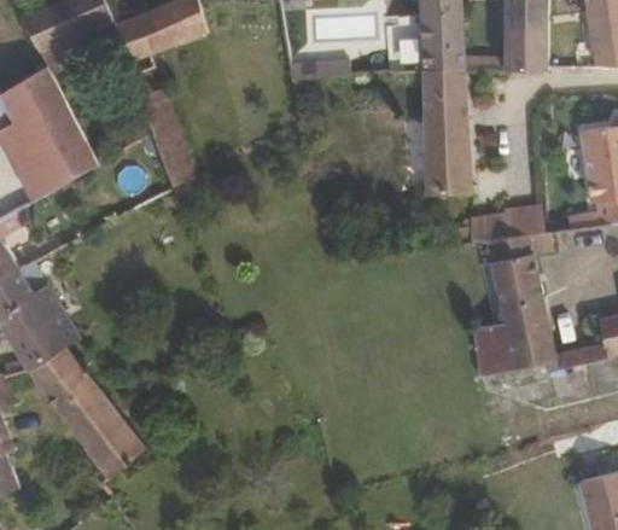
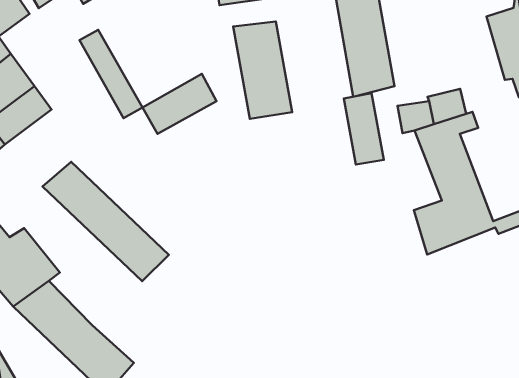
building: none -> [233,22,292,119]
building: none -> [142,74,216,134]
building: none -> [344,93,384,164]
building: none -> [43,162,169,281]

